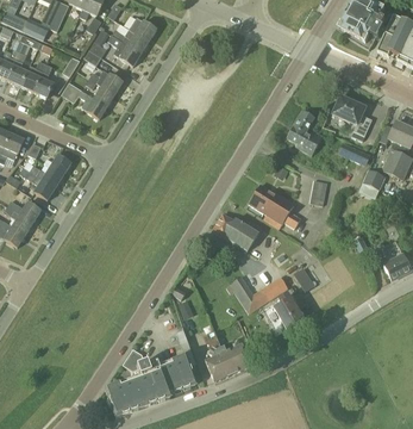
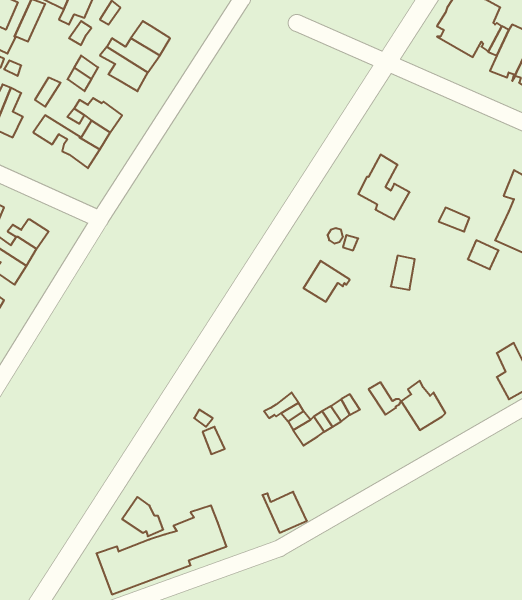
building: [332,94,373,135] -> none
building: [263,195,300,226] -> none
building: [214,213,258,249] -> none
building: [274,293,305,328] -> [401,381,445,430]
building: [204,330,232,380] -> none

